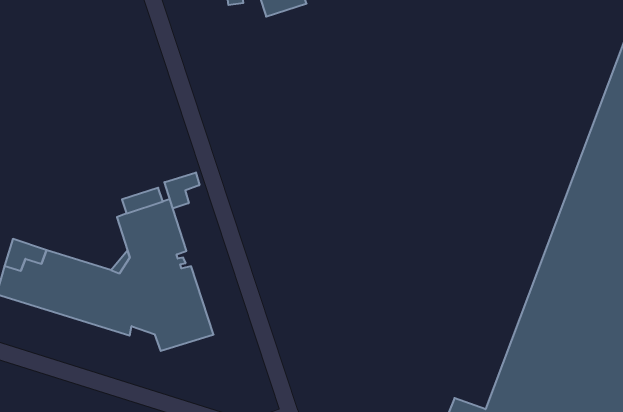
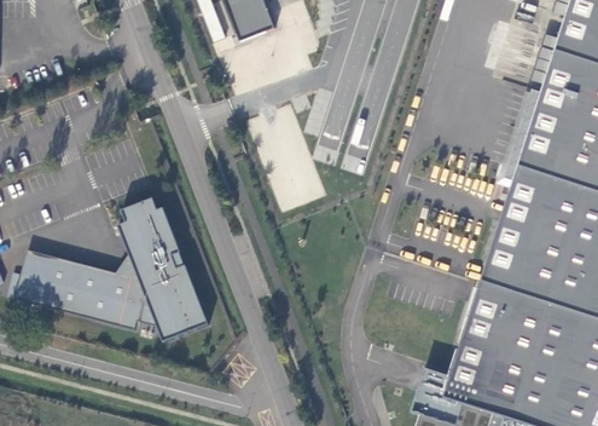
building: [164,172,199,209] -> none

